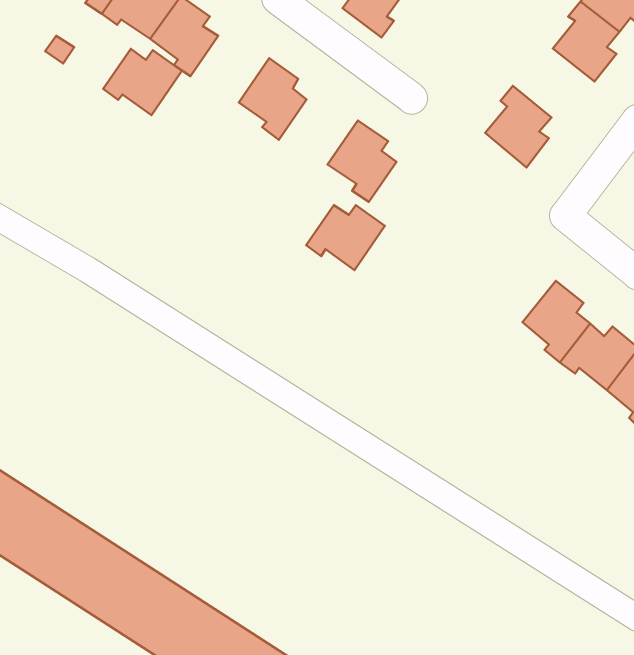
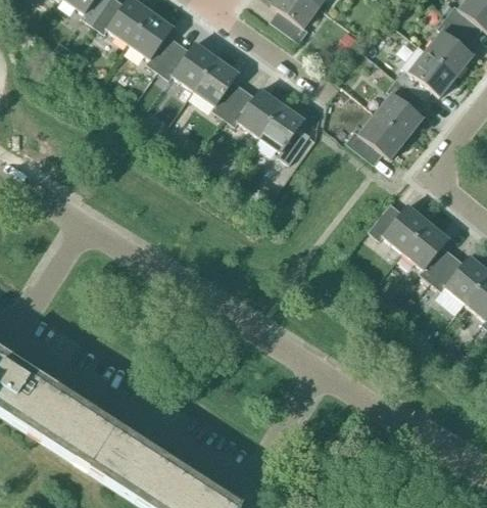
building: none -> [396,50,456,101]
building: [103,49,182,115] -> [158,41,216,90]
building: none -> [346,112,406,164]
building: [306,205,385,270] -> [224,88,282,136]
building: none -> [369,202,428,252]

